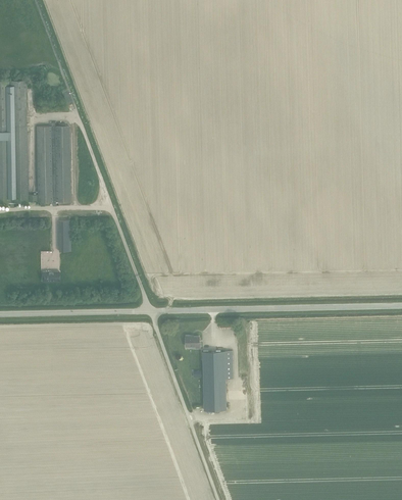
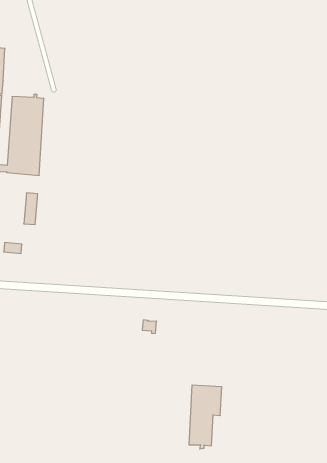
building: [200,351,231,414] -> [189,385,222,449]

